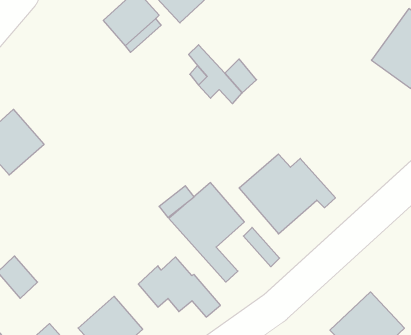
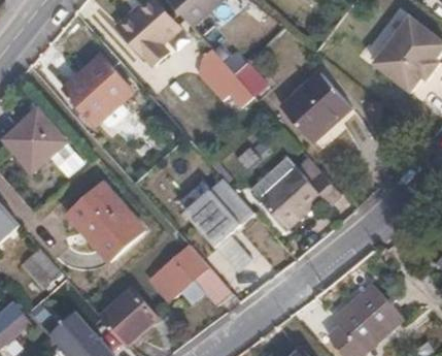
building: none -> [63,54,133,124]
building: none -> [281,73,350,141]
building: none -> [67,183,143,260]

